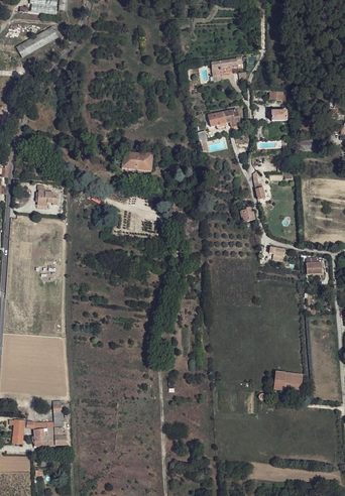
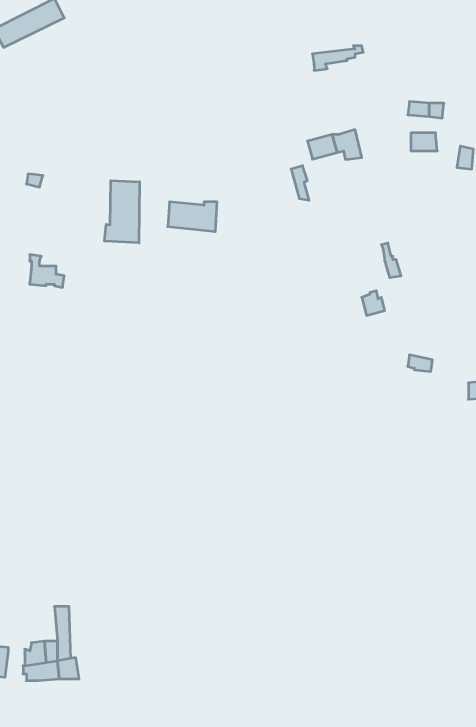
building: none -> [104,181,140,243]
building: [273,371,303,389] -> none

